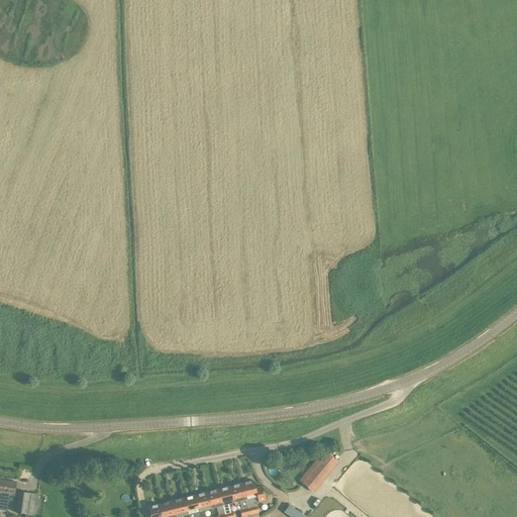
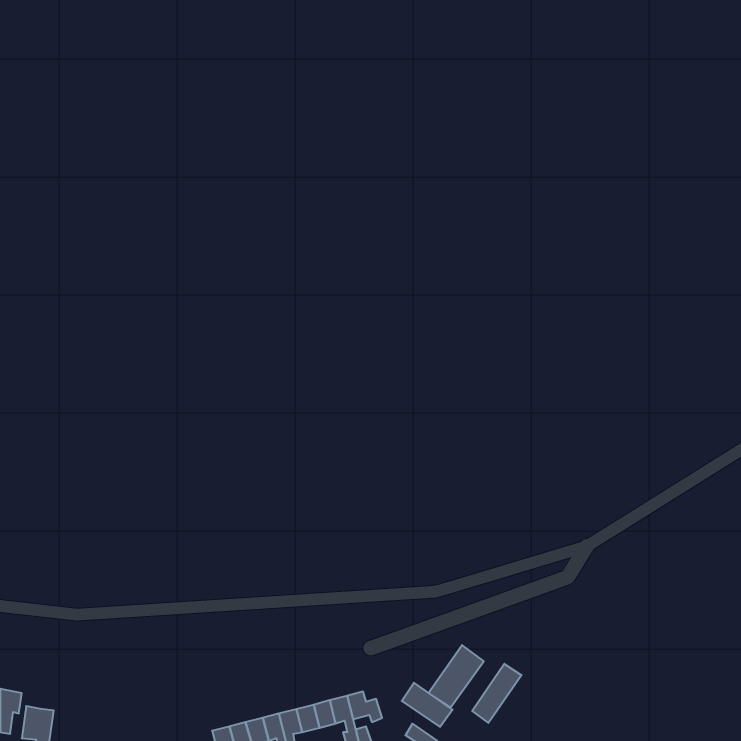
building: none -> [472,664,522,723]
building: none -> [402,683,453,727]

